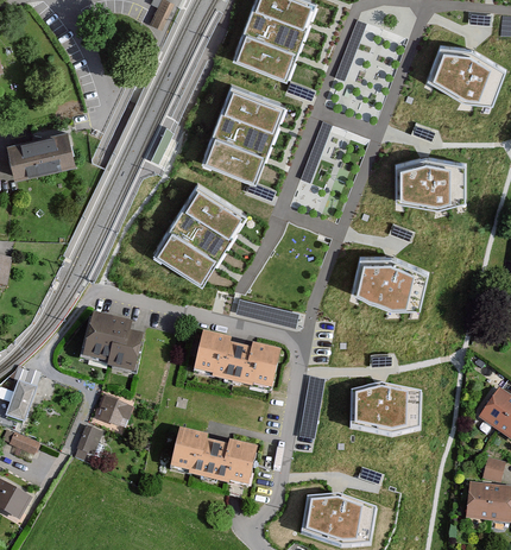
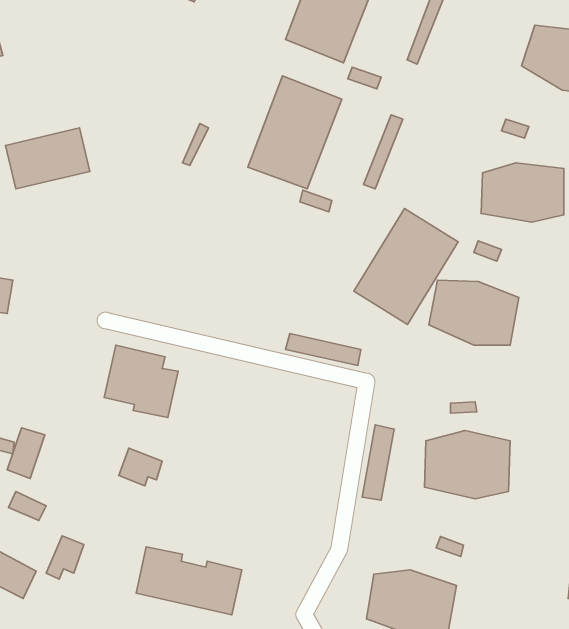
building: [156,189,241,284] -> [354,209,458,324]
building: [197,329,285,385] -> none
building: [71,424,102,460] -> [46,536,84,579]
building: [175,426,261,482] -> [136,547,242,615]

